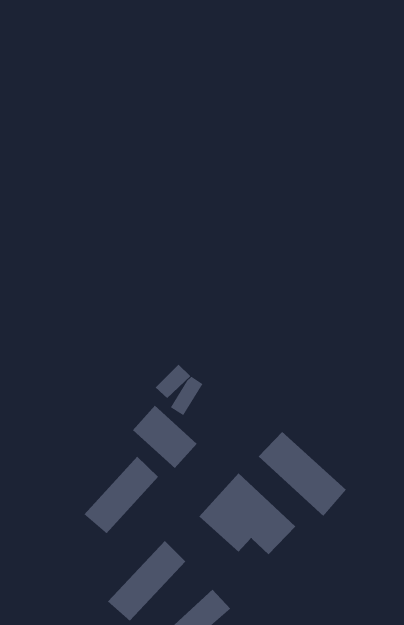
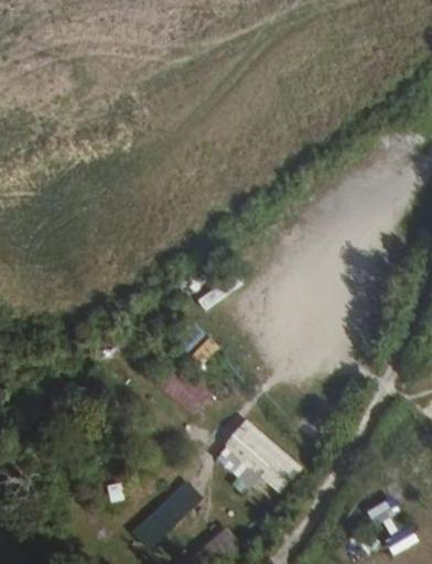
building: [258,431,347,517] -> none
building: [84,456,159,534] -> none

